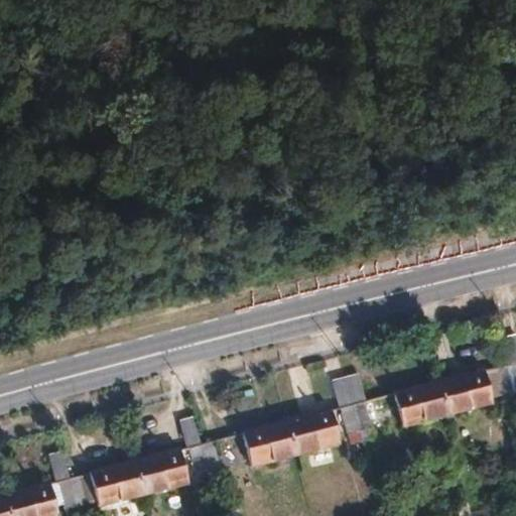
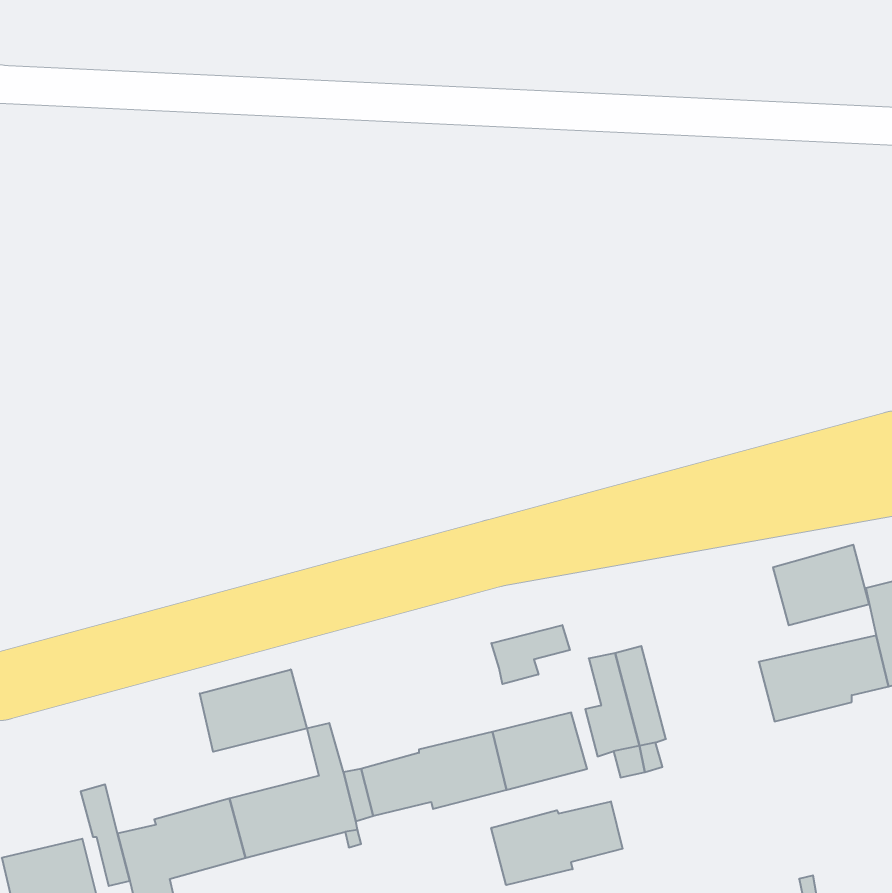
building: none -> [491,625,570,684]
building: [392,382,447,428] -> [773,545,869,625]
building: none -> [200,669,307,752]
building: none -> [491,801,623,885]

